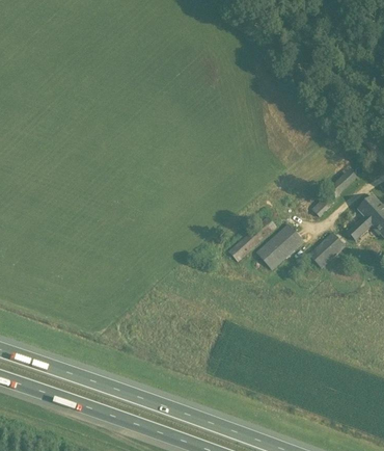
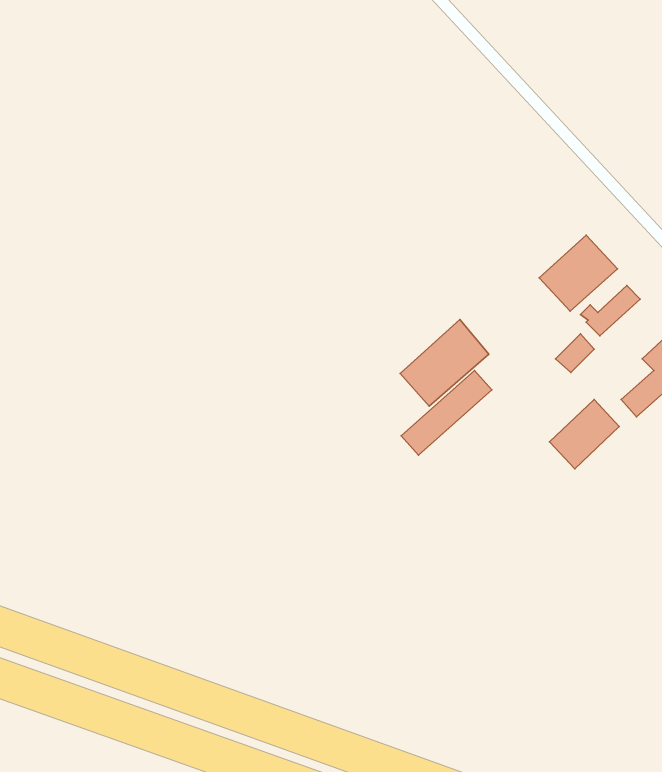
building: none -> [539,235,617,311]
building: [255,222,303,269] -> [400,319,489,406]

